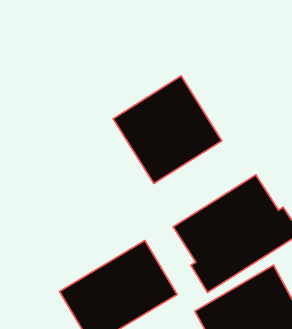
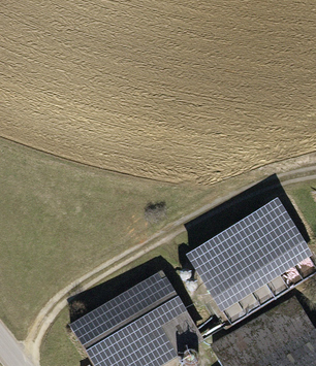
building: [113,76,222,184] -> none

